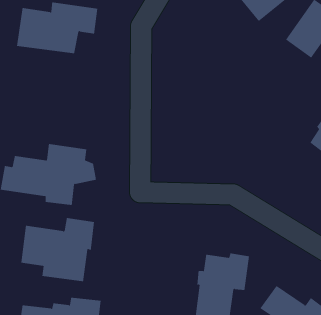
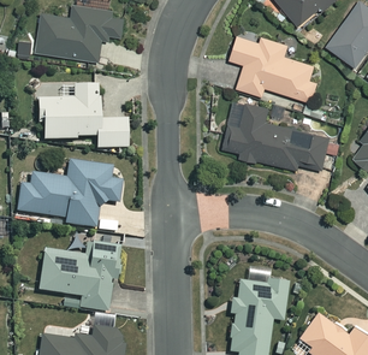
building: none -> [230,35,315,101]
building: none -> [37,83,129,147]
building: none -> [222,101,328,170]

